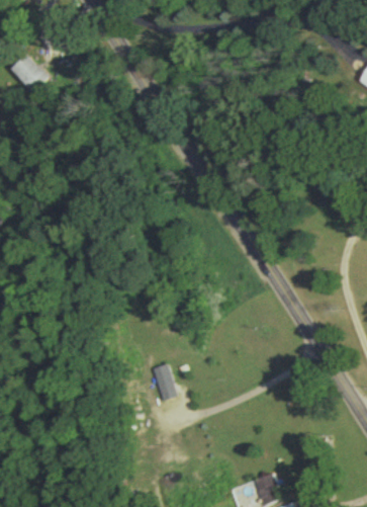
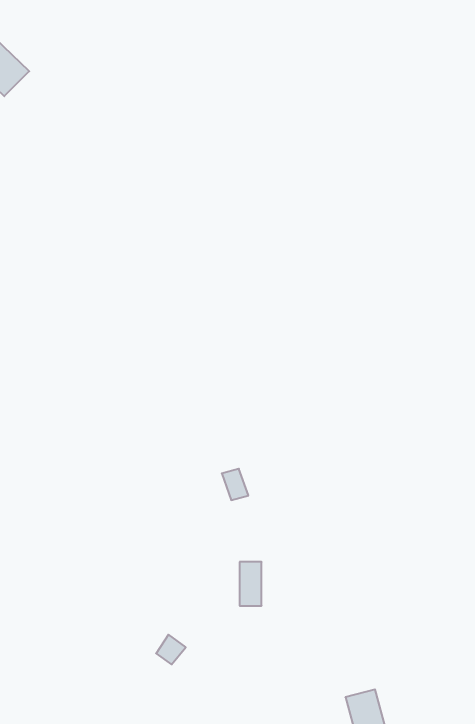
building: [156,366,170,395] -> [240,562,262,606]

